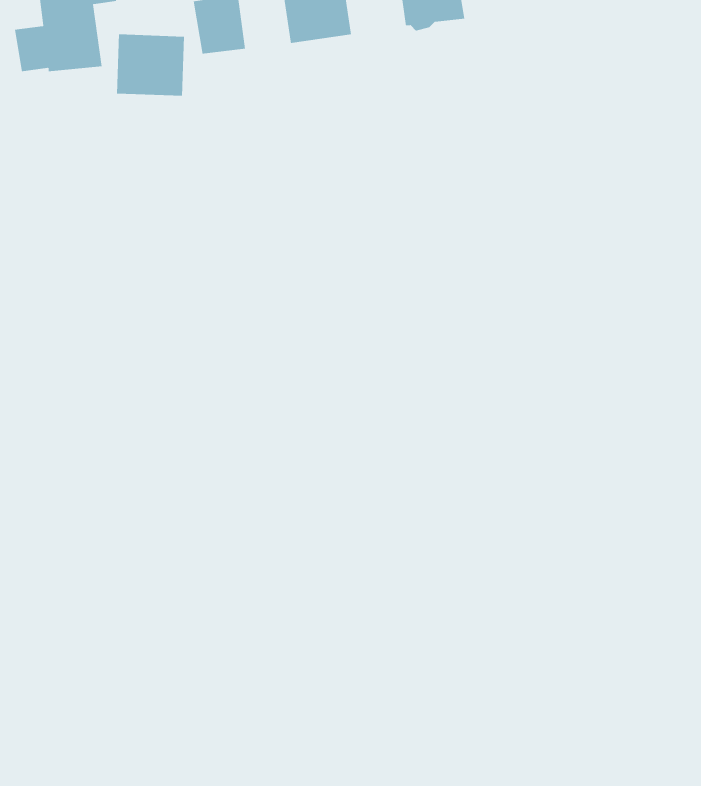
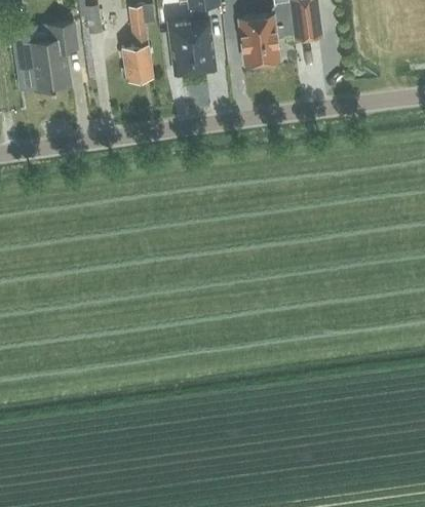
building: [116,34,184,97] -> none

